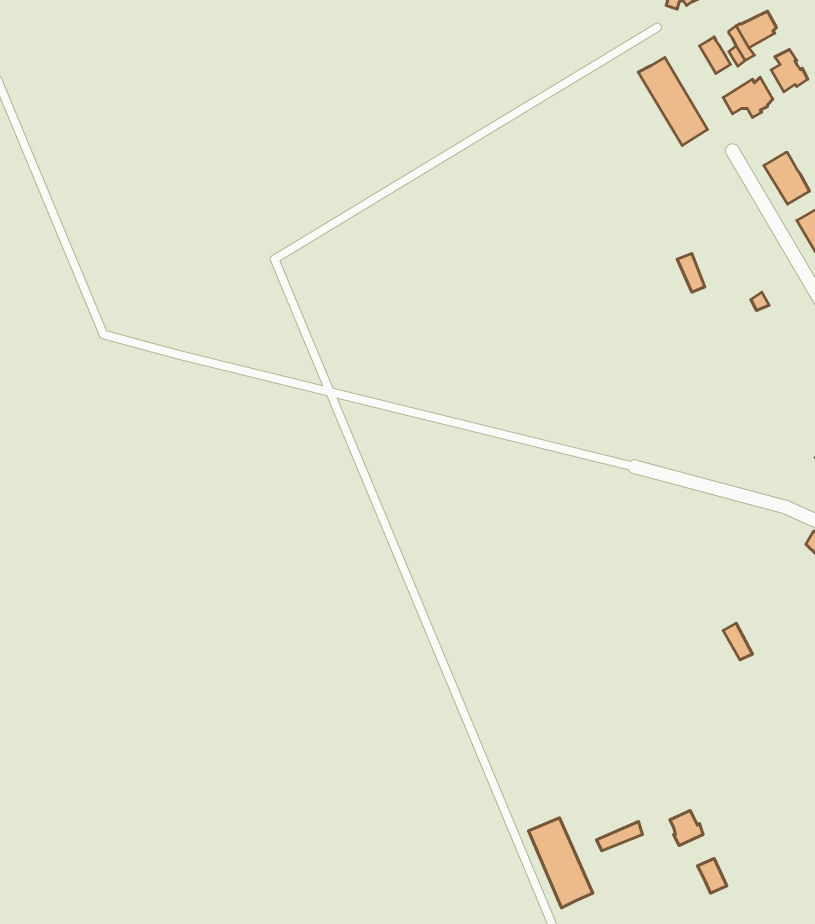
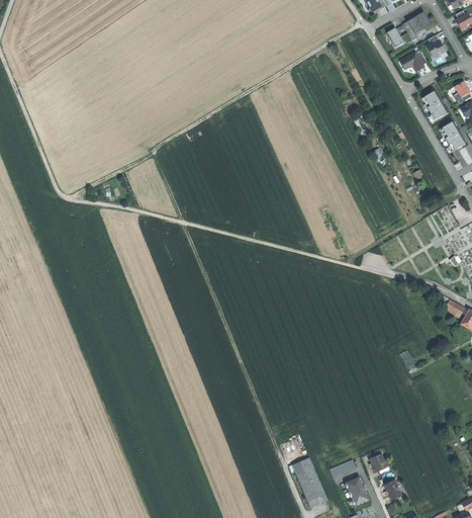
building: [638,57,708,146] -> none
building: none -> [345,476,369,505]

